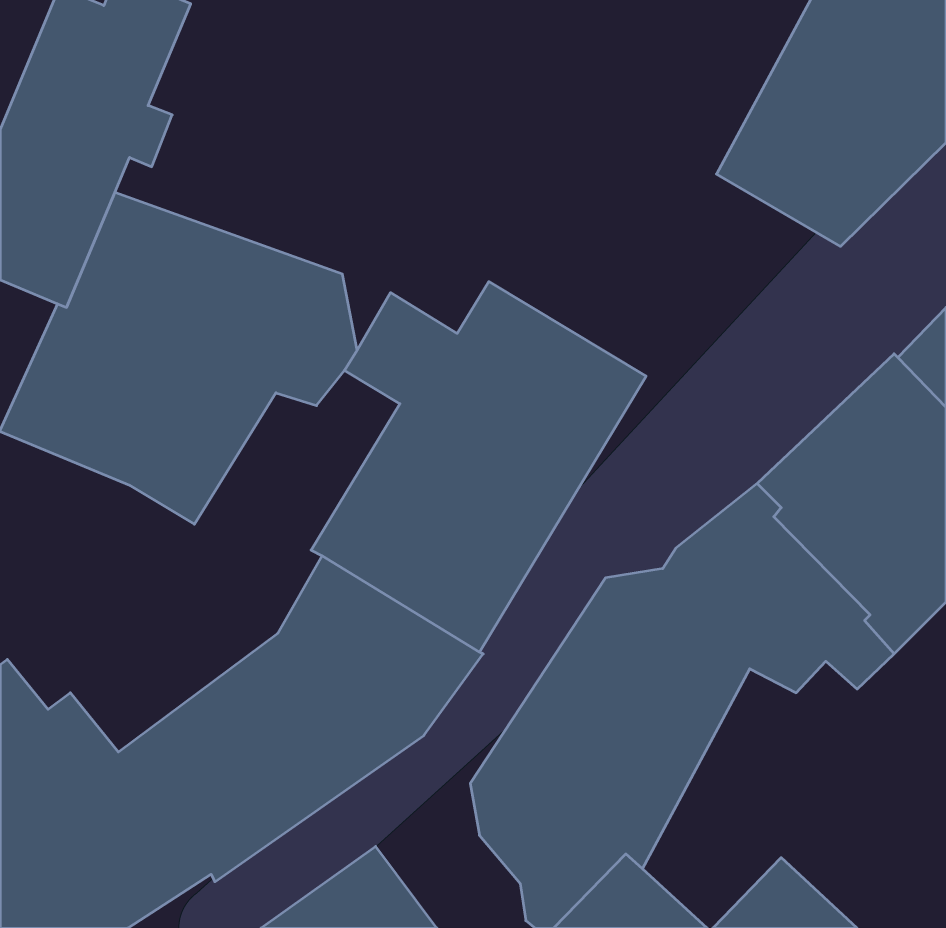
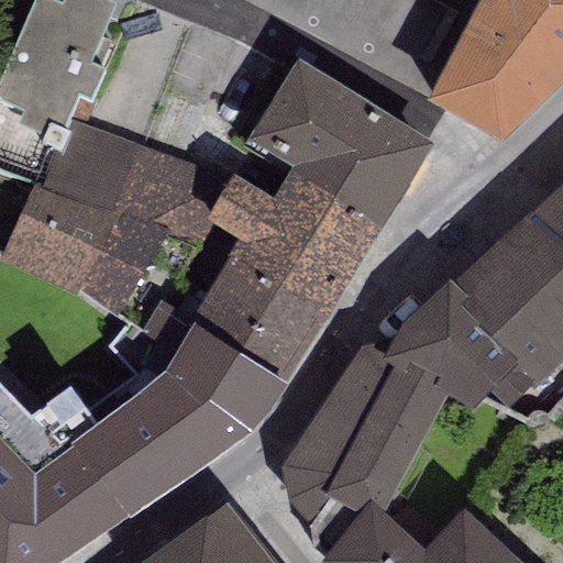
building: none -> [247,60,432,223]

